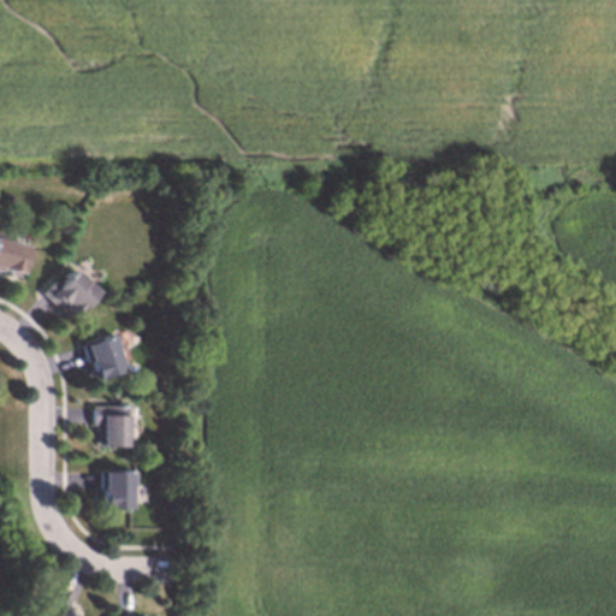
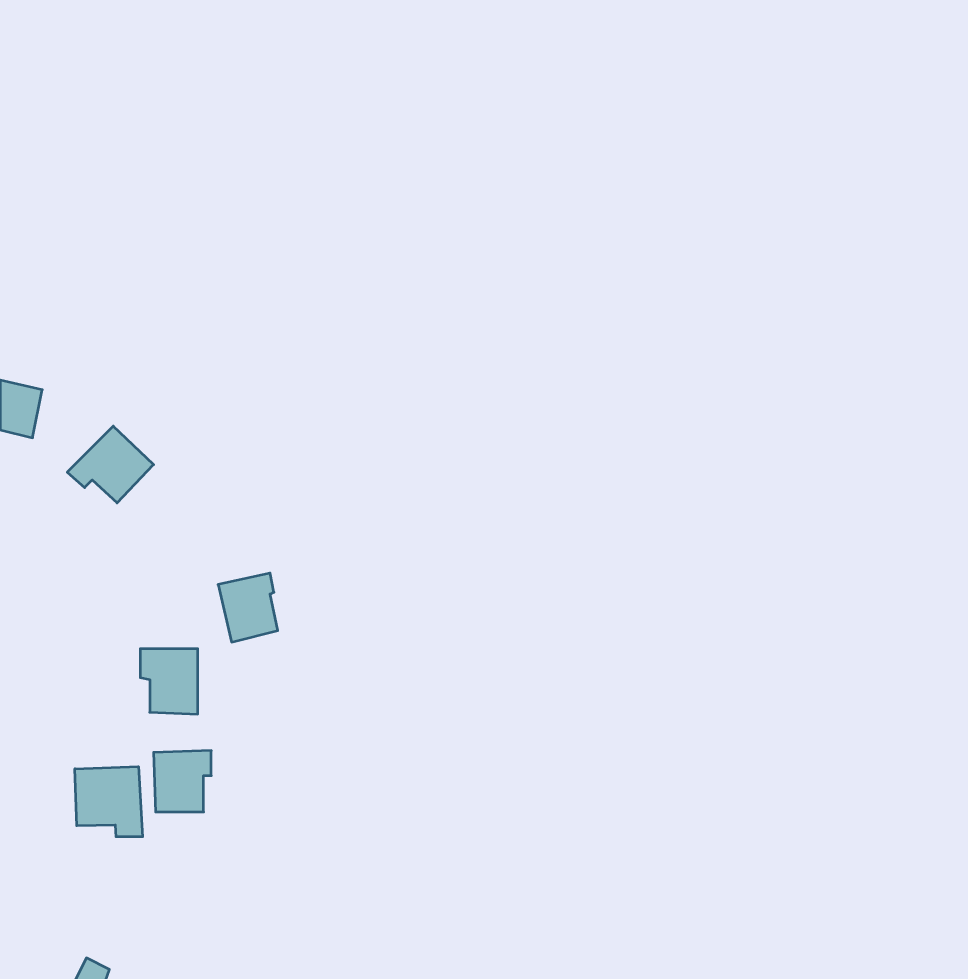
building: [90,337,128,380] -> [218,573,278,642]
building: none -> [75,767,143,837]

